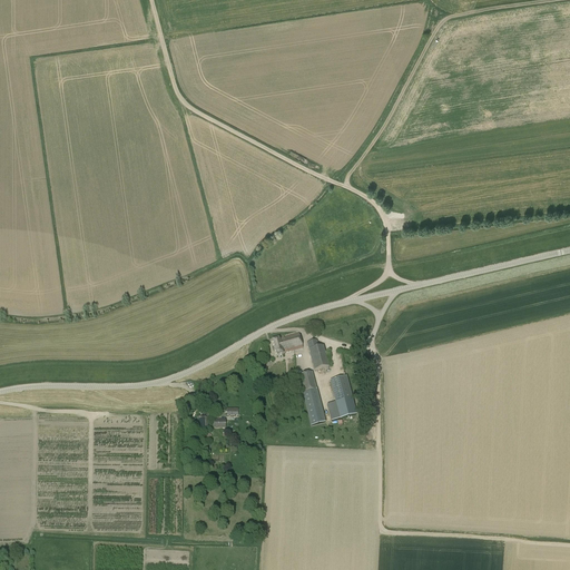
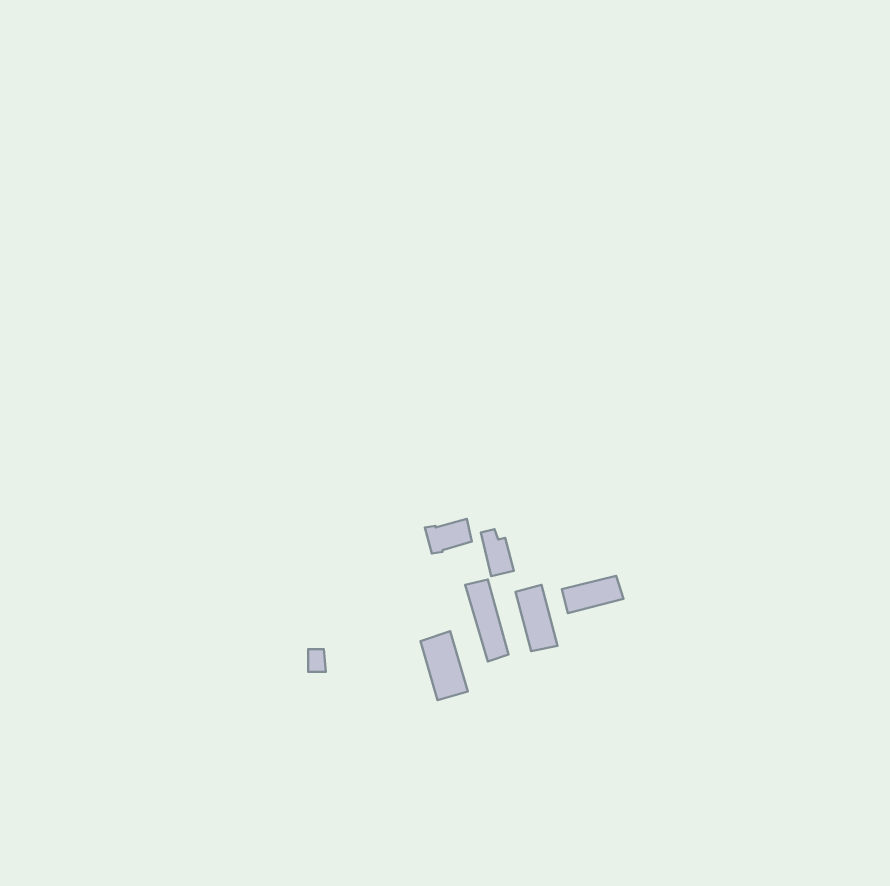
building: none -> [562,576,623,613]
building: none -> [420,631,468,700]

